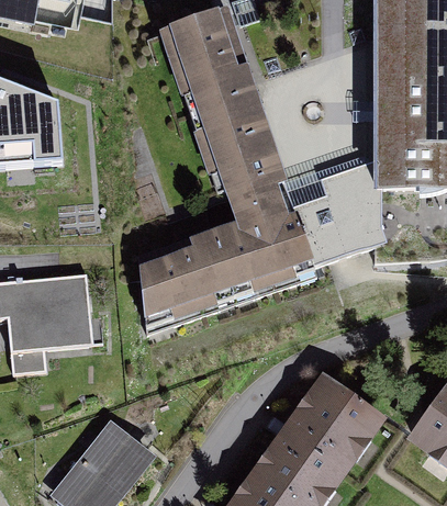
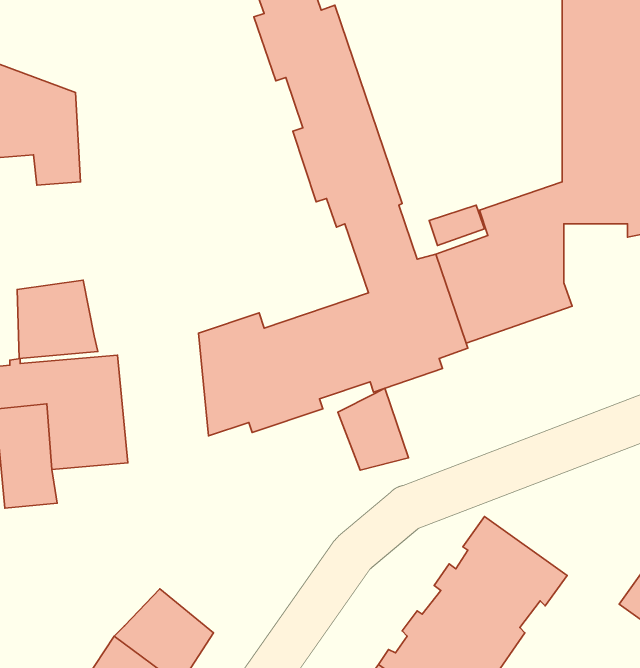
building: none -> [17,280,98,358]
building: none -> [338,388,408,470]

